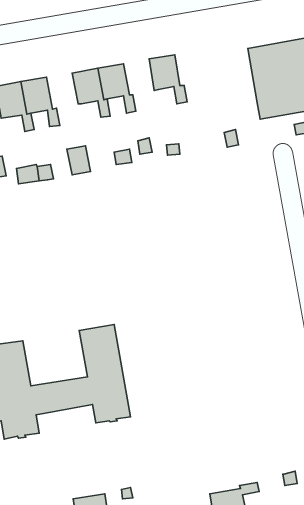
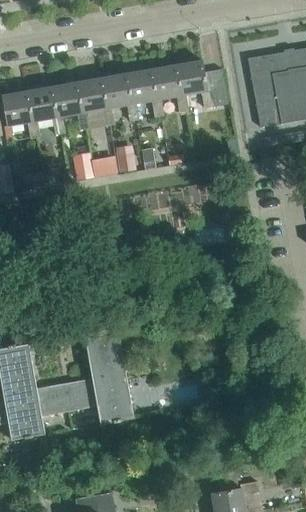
building: none -> [178,60,229,108]
building: none -> [128,69,165,117]
building: none -> [53,83,90,131]

